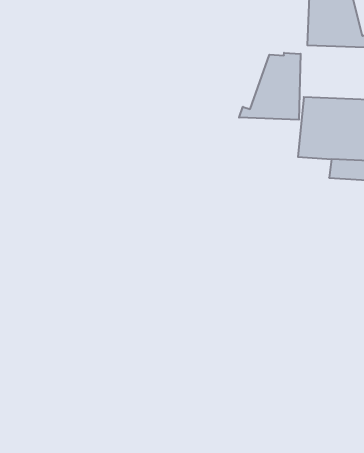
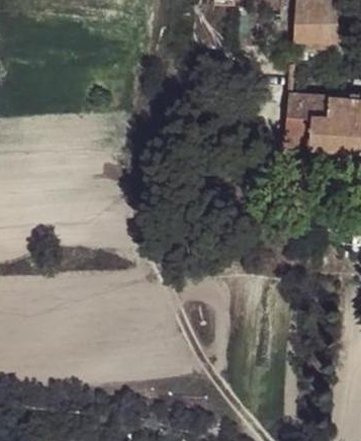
building: [239,53,301,120] -> none

